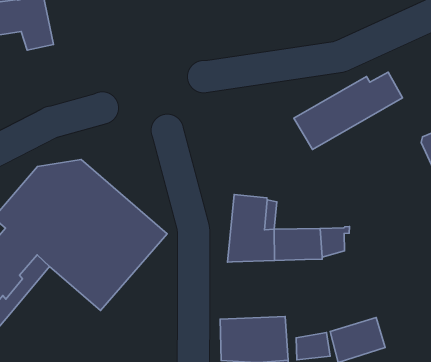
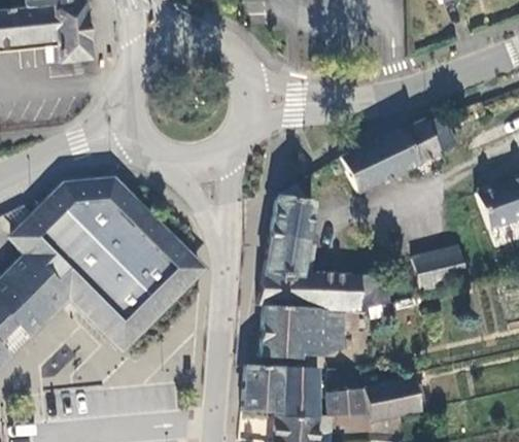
building: none -> [272,183,313,240]
building: none -> [410,244,466,290]
building: none -> [263,306,343,358]

